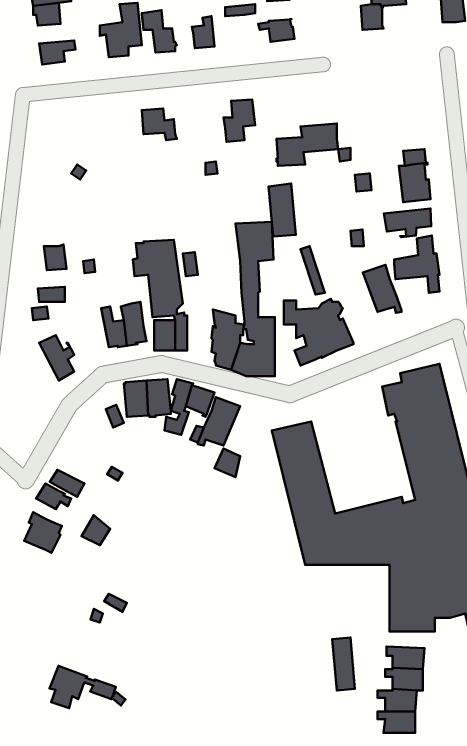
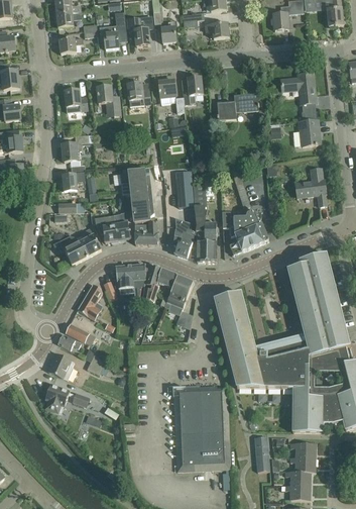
building: none -> [280,72,316,103]
building: none -> [158,79,185,111]
building: none -> [96,85,120,109]
building: none -> [64,88,87,111]
building: [269,184,296,236] -> [174,171,193,206]
building: none -> [62,133,89,165]
building: [384,208,431,237] -> none
building: [363,265,402,313] -> none
building: none -> [78,226,101,258]
building: none -> [77,283,103,319]
building: none -> [173,385,230,470]
building: [49,666,116,708] -> [44,383,89,411]

